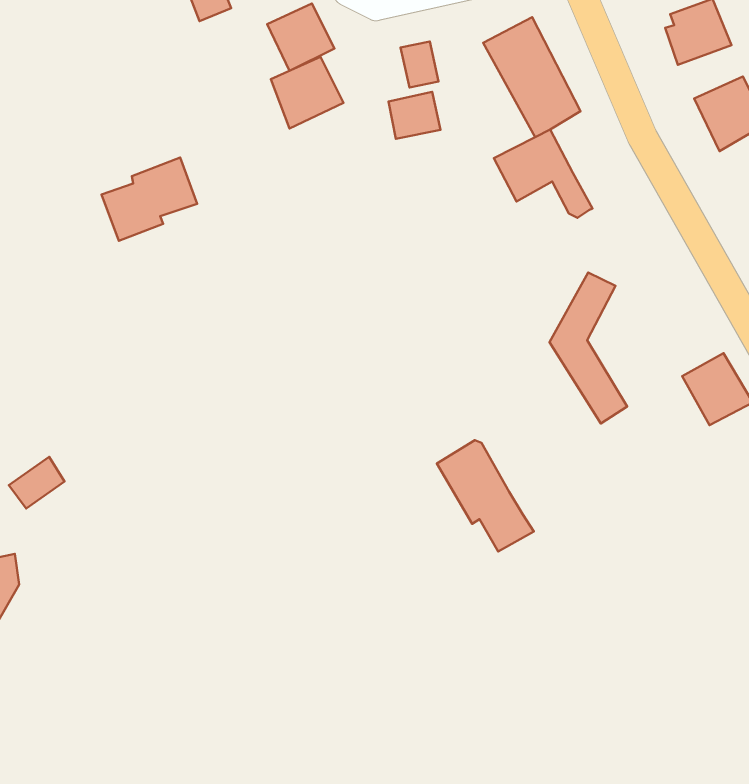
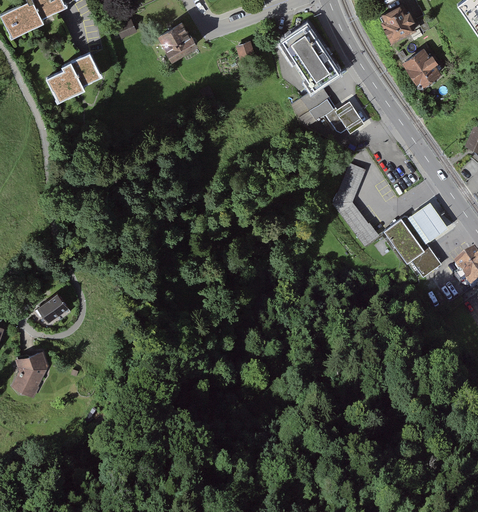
building: [271,57,344,129] -> none
building: [389,92,441,139] -> none
building: [102,157,197,241] -> [46,54,100,104]
building: none -> [336,98,365,132]
building: [437,440,534,551] -> [384,214,442,275]

